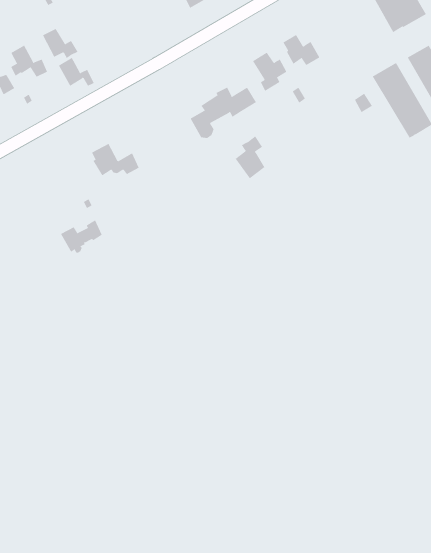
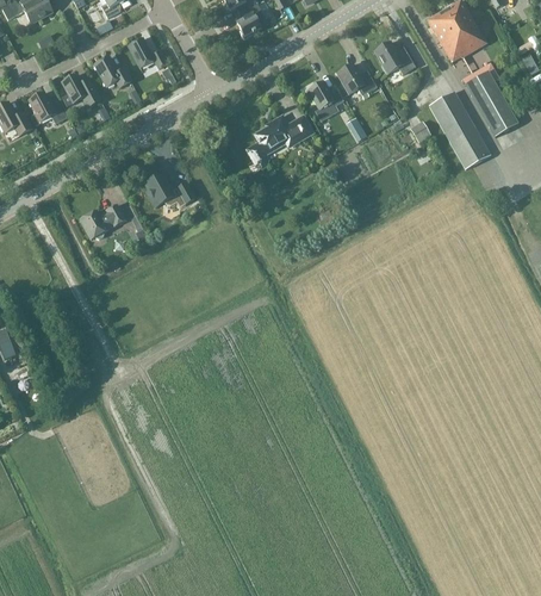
building: none -> [374,39,415,73]
building: [58,57,94,87] -> [129,37,166,67]
building: [235,136,265,179] -> none
building: [60,220,102,254] -> [81,204,124,238]

